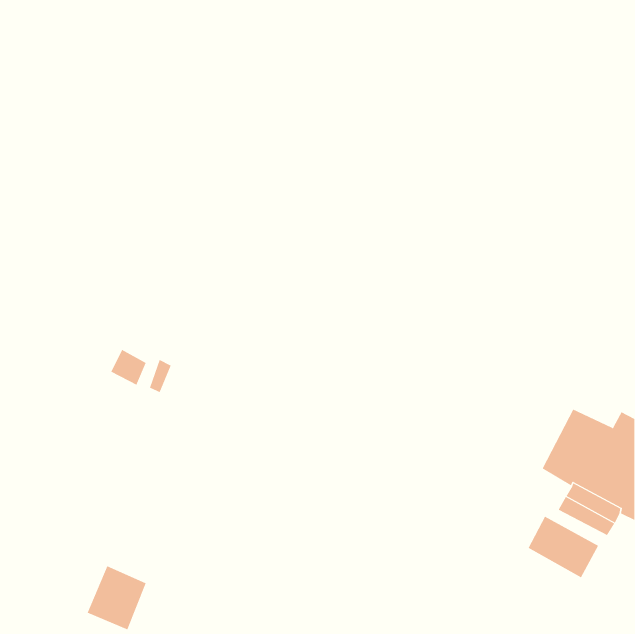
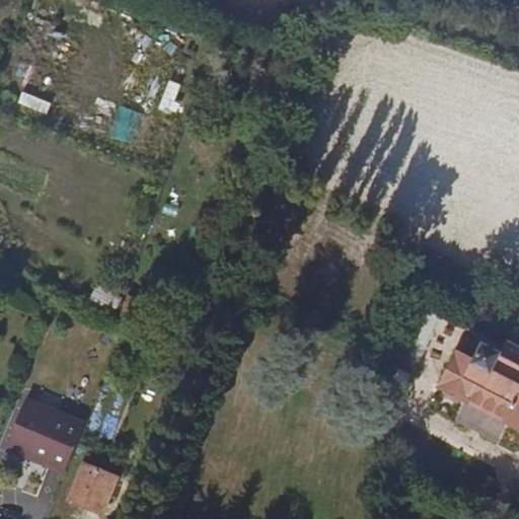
building: none -> [5,399,82,471]
building: [528,516,599,578] -> none

